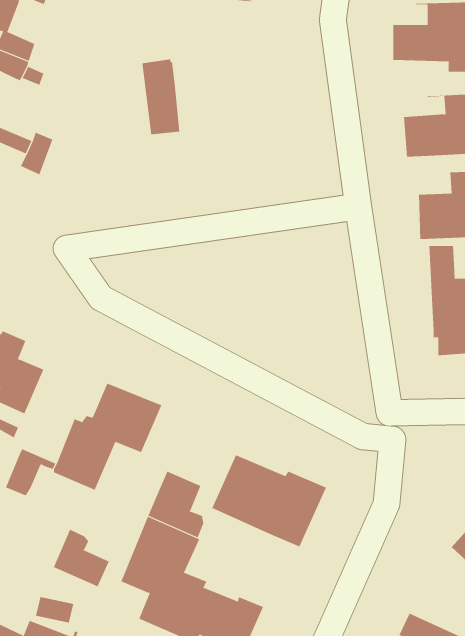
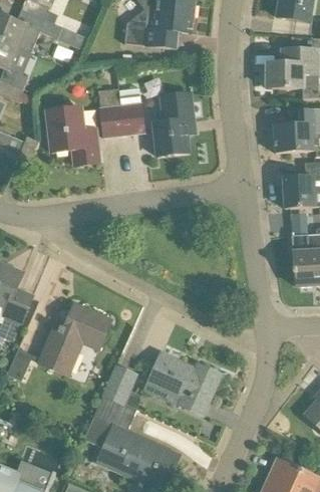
building: none -> [118,85,143,135]
building: none -> [152,92,194,155]
building: none -> [47,104,99,165]
building: [53,529,109,587] -> none

